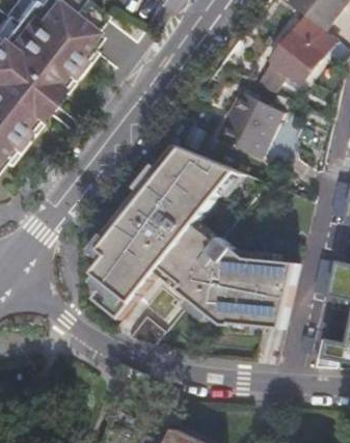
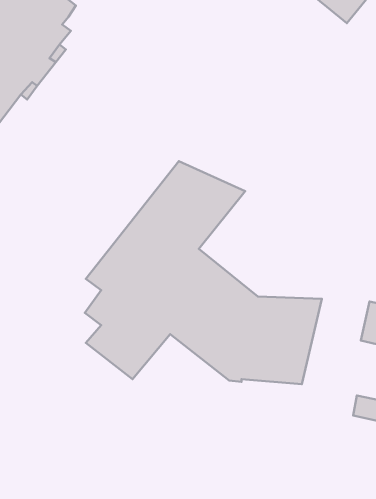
building: [257,17,332,91] -> none
building: [222,98,287,162] -> none

